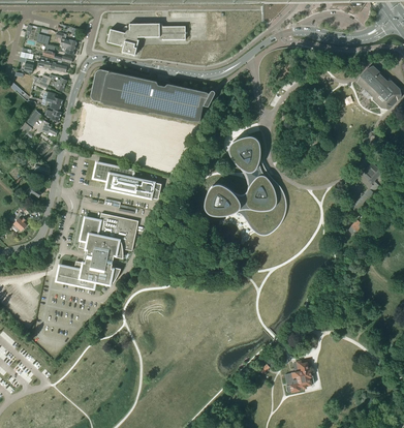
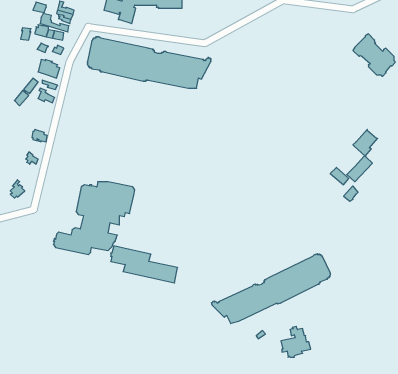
building: [204,135,285,235] -> none
building: [93,161,160,198] -> [111,246,178,283]
building: none -> [212,254,330,324]

